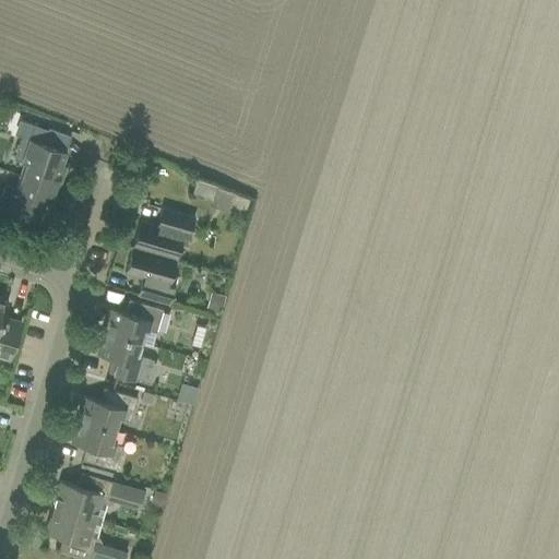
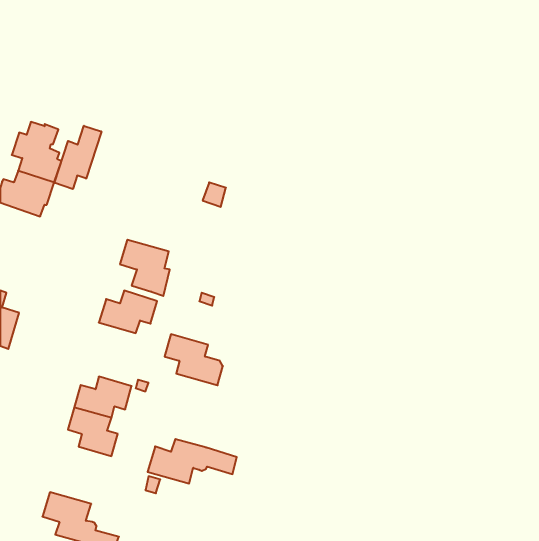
building: none -> [55,126,101,189]
building: [134,210,197,260] -> none
building: [98,333,158,385] -> [165,334,223,385]
building: [55,474,146,520] -> [148,439,237,484]

